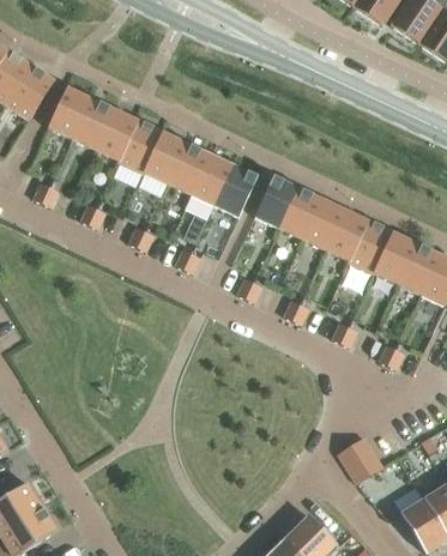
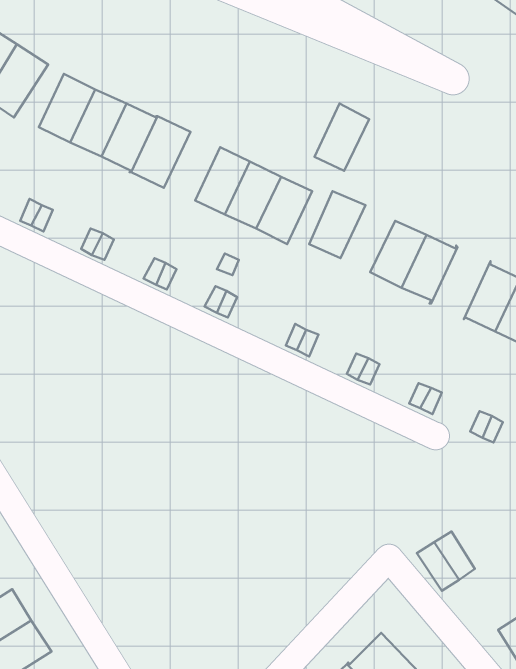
building: [144,131,187,183] -> none
building: [279,187,321,238] -> [315,104,369,171]
building: [349,219,394,274] -> none

